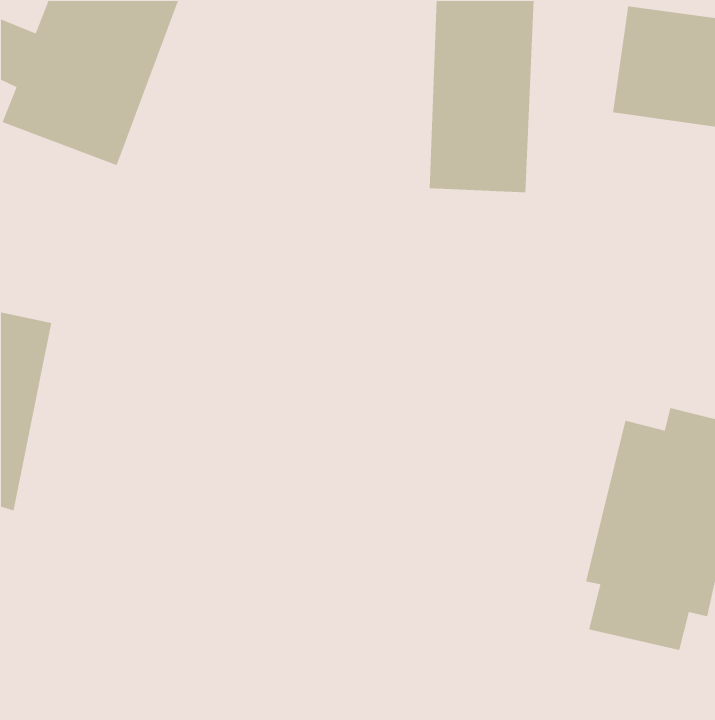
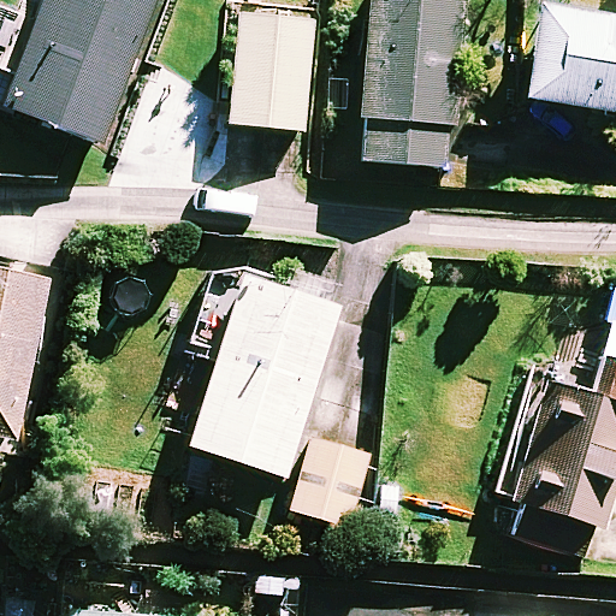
building: none -> [231,13,316,130]
building: none -> [170,267,342,474]
building: none -> [292,437,371,525]

